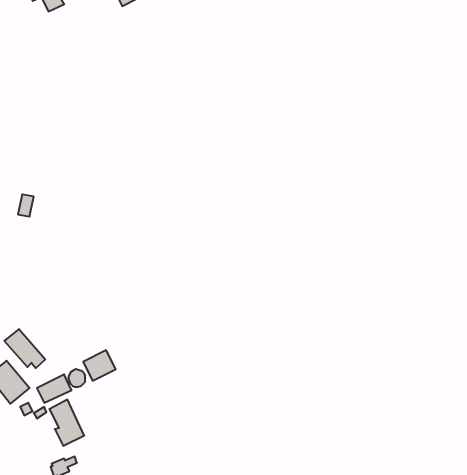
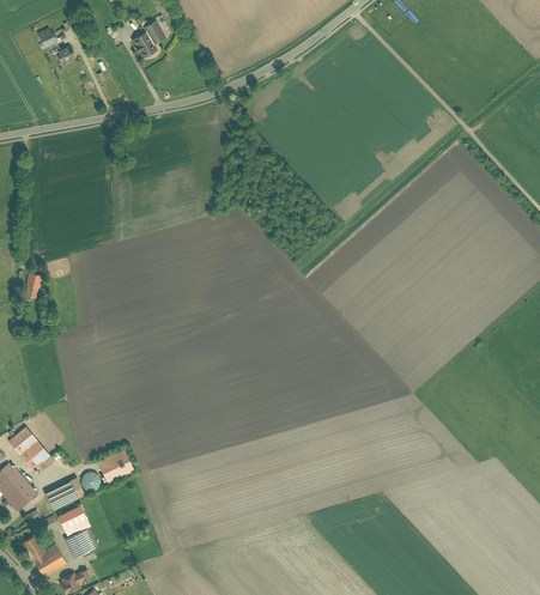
building: none -> [23,535,66,578]

